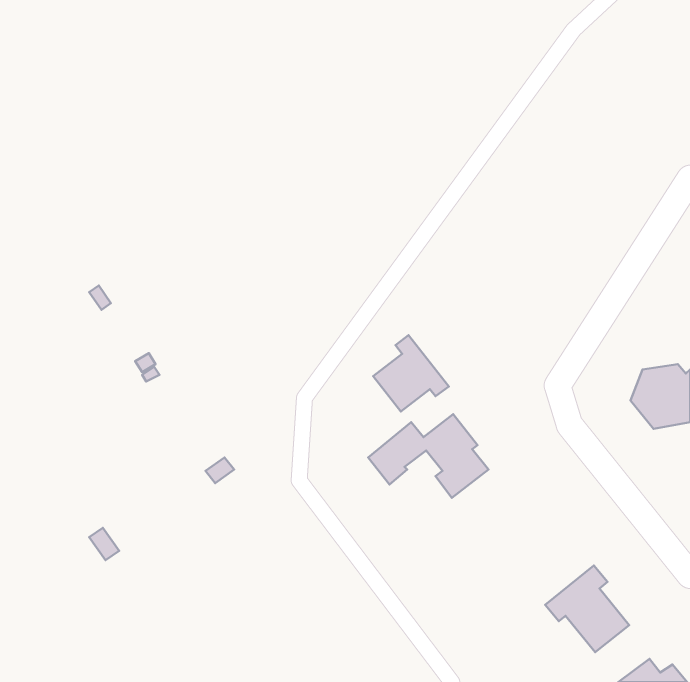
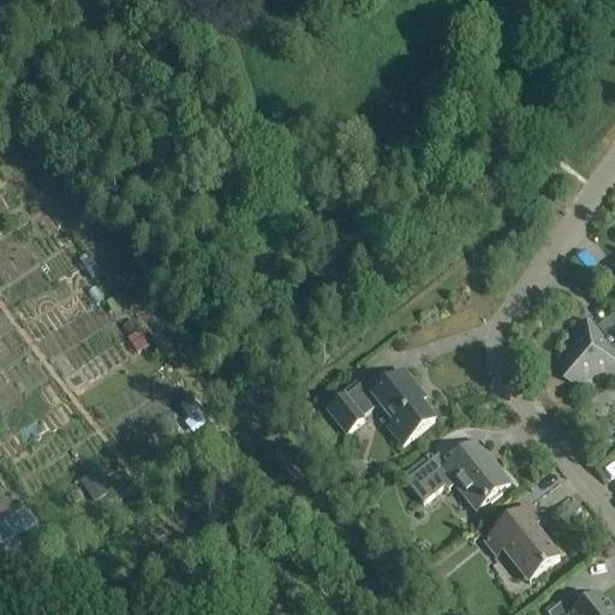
building: [373,335,449,412] -> none
building: none -> [404,441,509,507]

